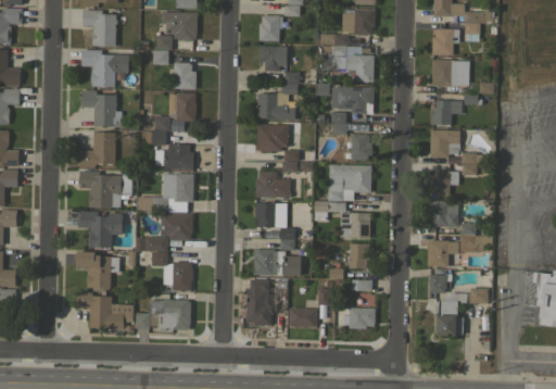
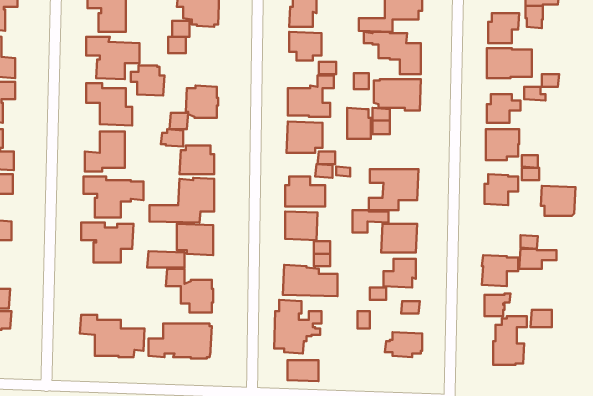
building: [167,63,197,89] -> [131,66,164,96]
building: [351,134,371,161] -> [347,108,371,139]
building: [428,201,458,227] -> [541,186,576,216]
building: [77,252,119,288] -> none
building: [289,309,316,327] -> [287,360,319,381]

